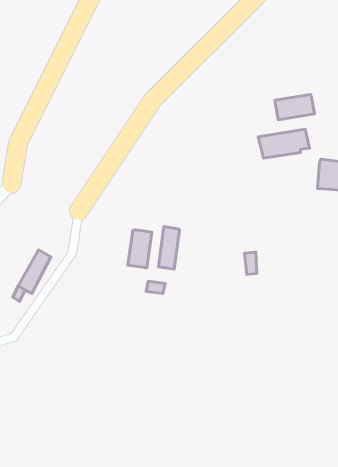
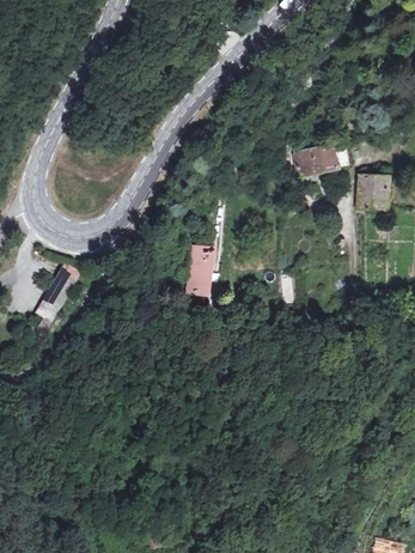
building: [275,94,315,120] -> none
building: [128,230,152,268] -> none

